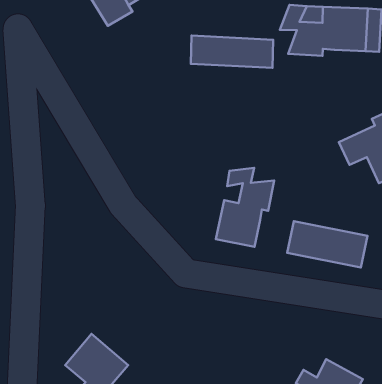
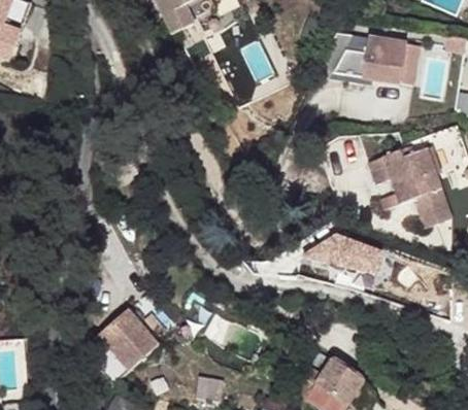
building: [191,36,273,68] -> none
building: [216,168,274,247] -> none

